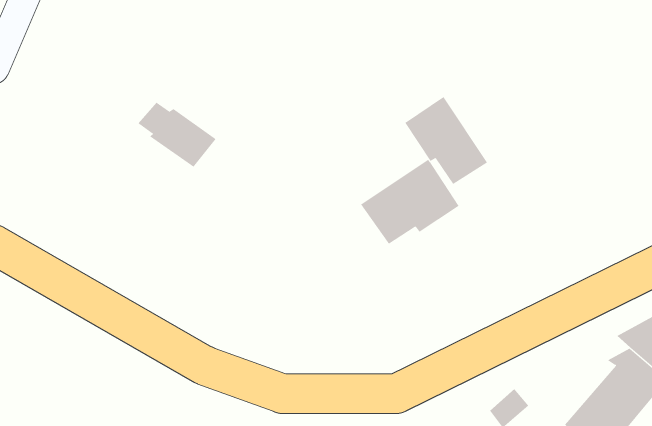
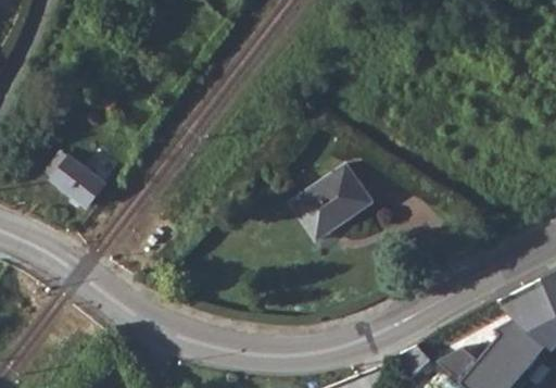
building: [404,96,488,185] -> none
building: [137,102,217,167] -> [42,154,106,208]

